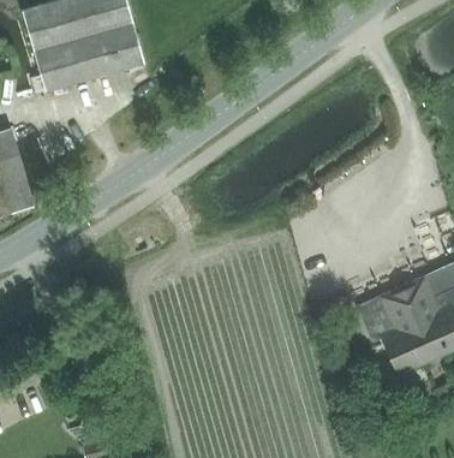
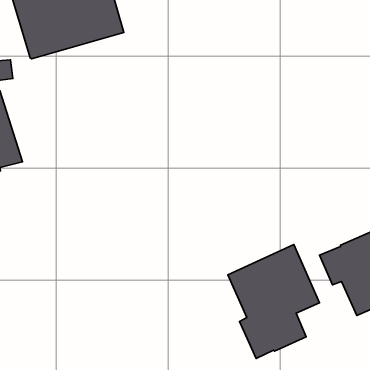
building: none -> [228,245,320,359]

